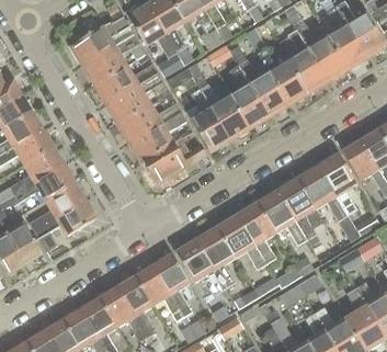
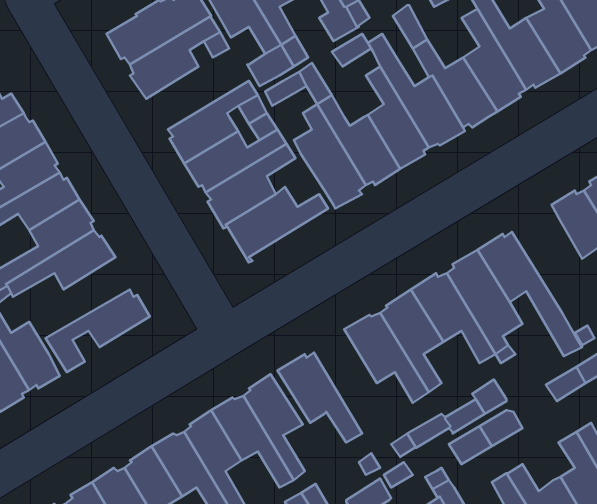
building: [94,64,157,103] -> none
building: [317,151,356,215] -> none
building: [29,181,84,230] -> none
building: [196,225,235,288] -> none

